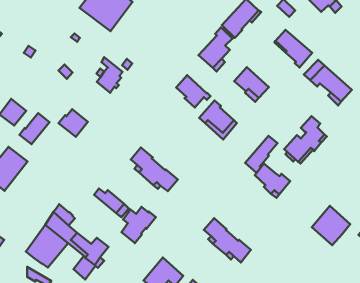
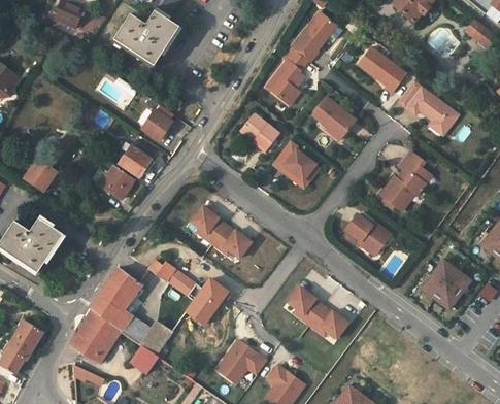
building: none -> [119,145,154,175]
building: [19,113,49,144] -> none
building: [245,136,278,173] -> none
building: none -> [106,267,140,299]

